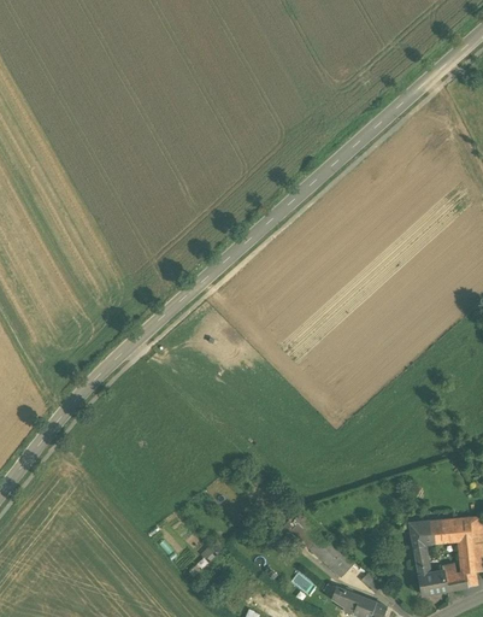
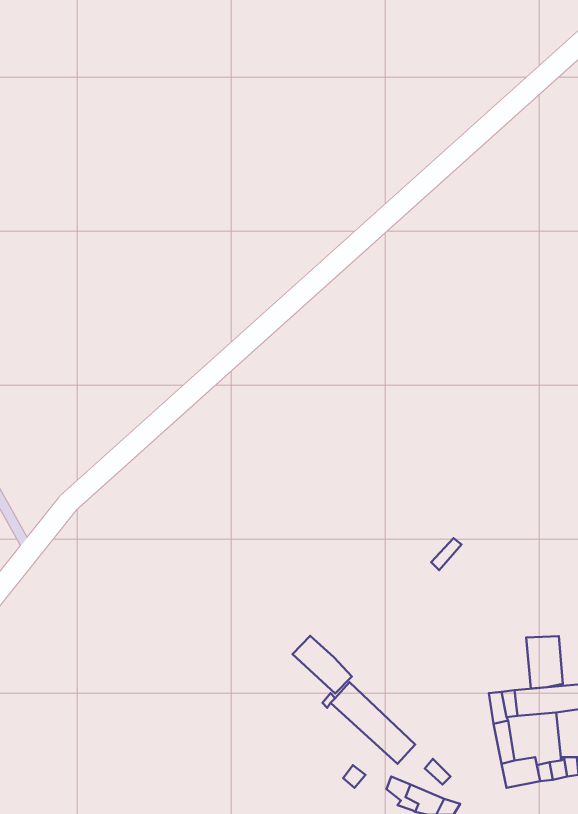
building: none -> [293,636,352,693]
building: none -> [526,636,563,689]

